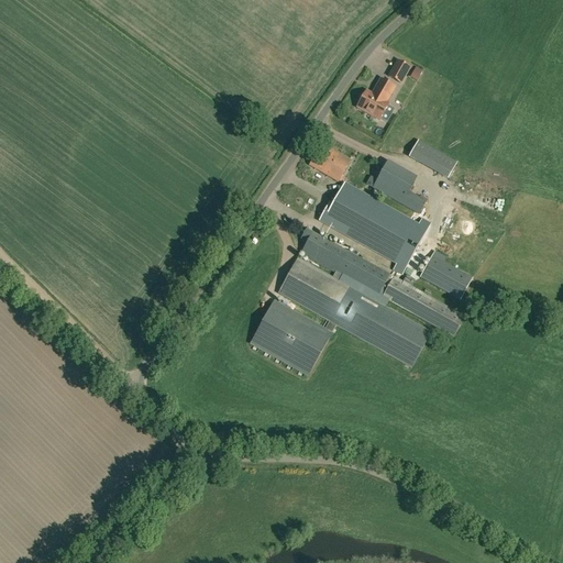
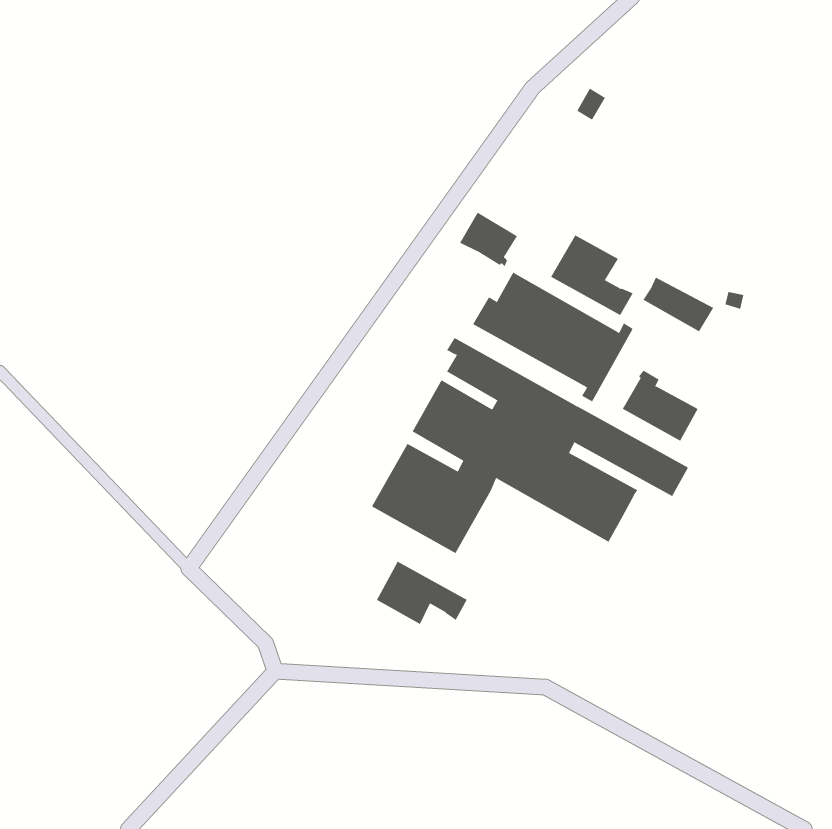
building: [357,77,395,118] -> none
building: [409,140,457,177] -> [643,277,714,332]
building: none -> [376,561,467,625]

